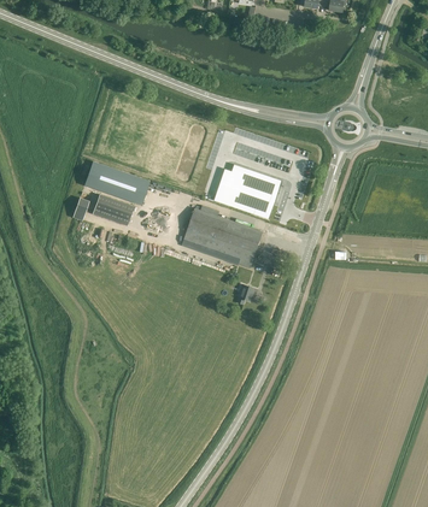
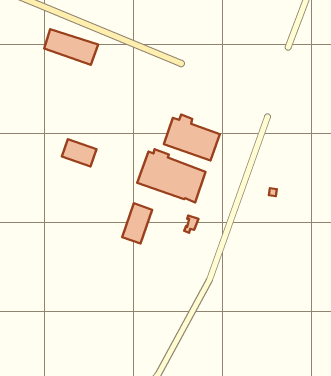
building: [84,161,148,204] -> [44,29,98,65]
building: none -> [122,203,152,244]

